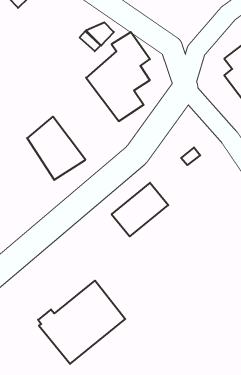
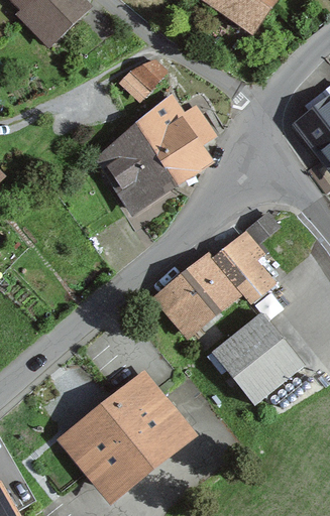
building: [27,117,85,180] -> [97,131,171,211]
building: none -> [214,237,270,303]
building: none -> [207,315,301,406]

